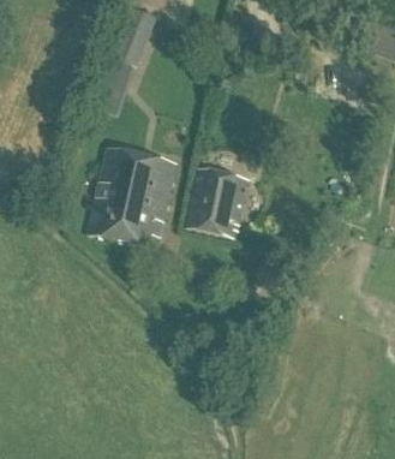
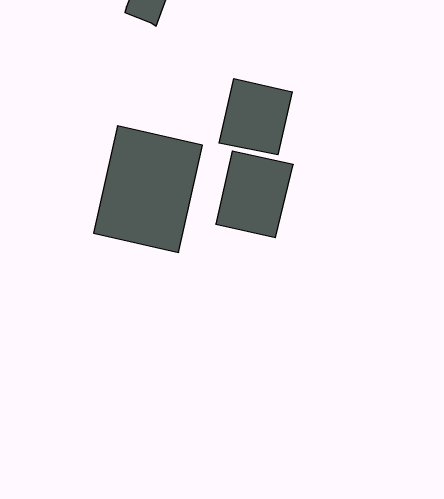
building: none -> [219,79,292,155]

